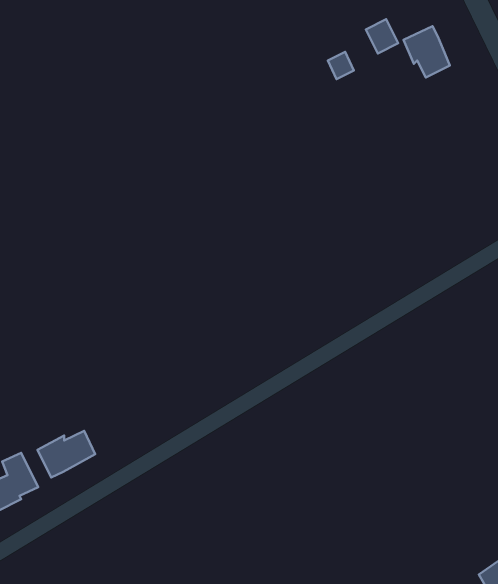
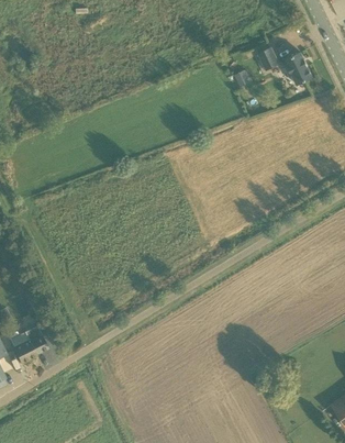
building: [38,431,95,477] -> none

